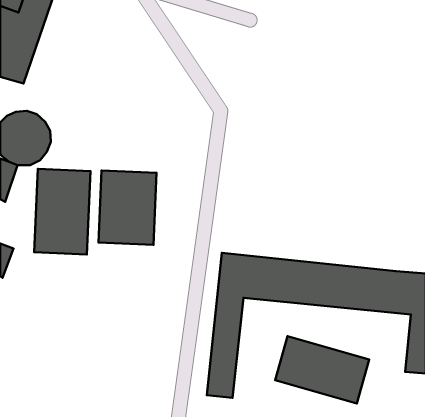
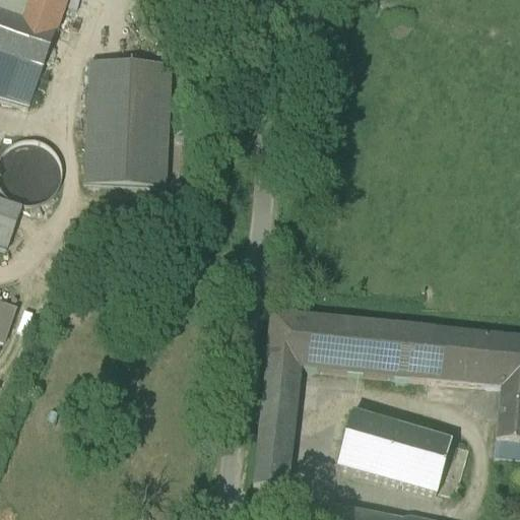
building: none -> [84,57,171,183]
building: [34,169,90,254] -> none
building: [98,171,157,245] -> none

